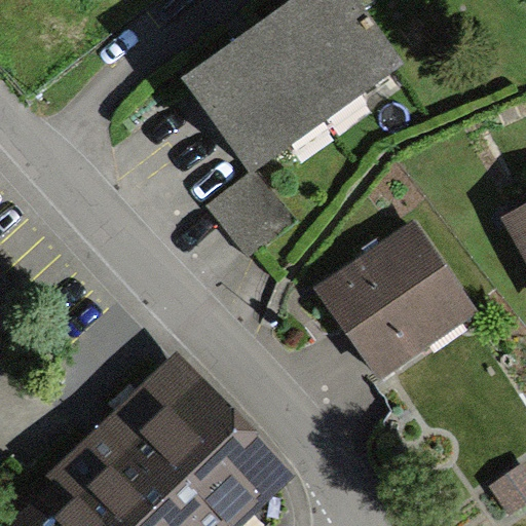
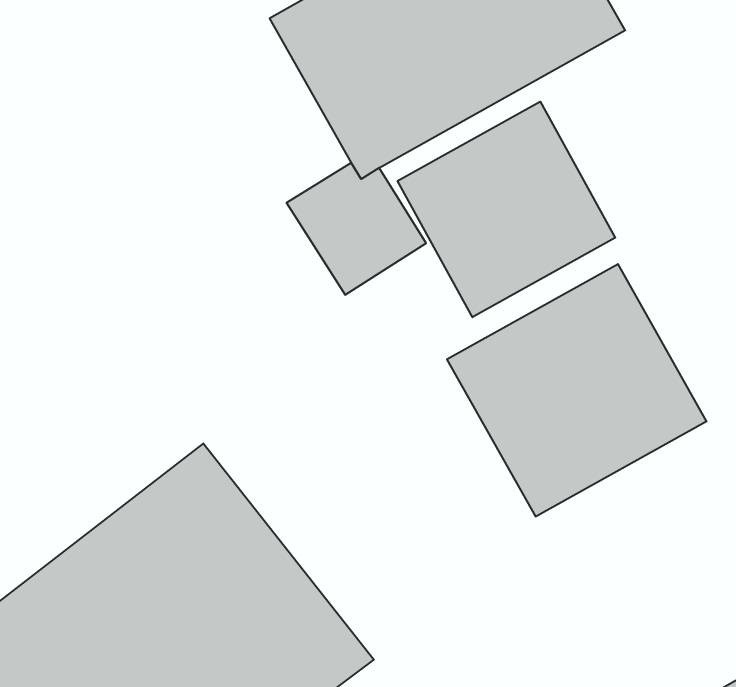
building: none -> [398,102,615,317]

